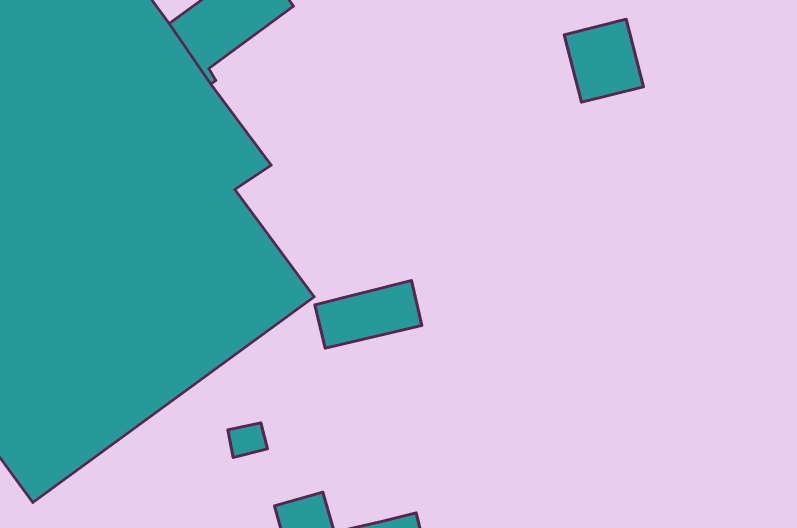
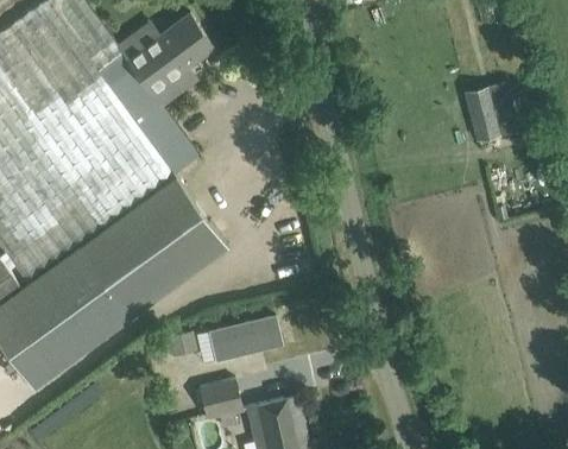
building: [564,19,644,102] -> [465,84,519,141]
building: [315,281,422,348] -> [208,316,282,362]

